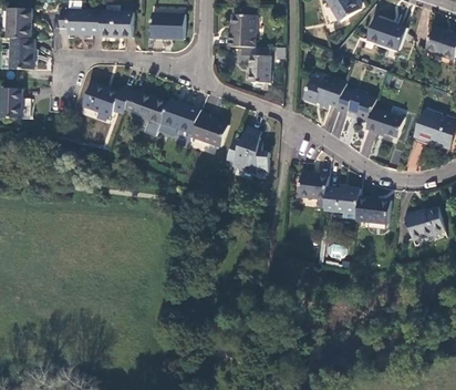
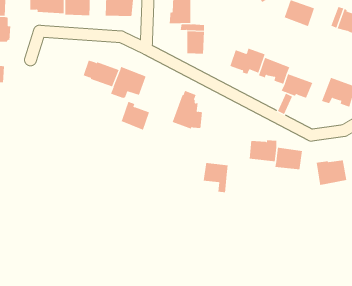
building: [82,82,131,116] -> none
building: [191,112,227,147] -> [121,101,150,130]
building: [297,174,328,211] -> [203,162,228,193]

